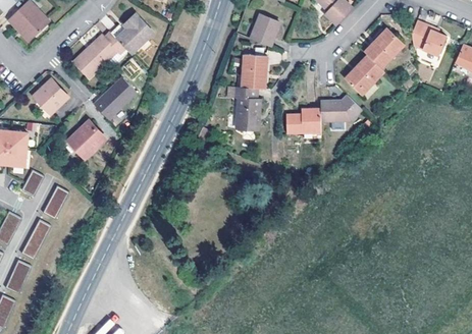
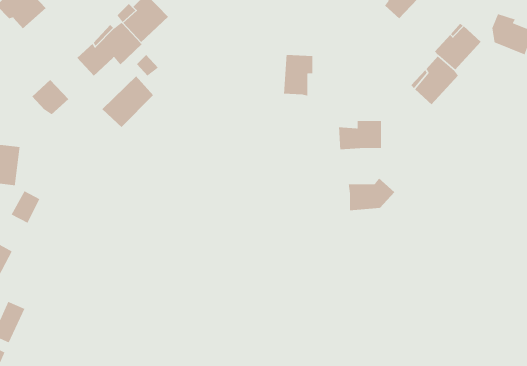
building: [250,17,278,48] -> none
building: [234,89,260,131] -> none
building: [321,97,360,124] -> [348,177,395,211]
building: [69,117,105,153] -> none
building: [41,183,68,217] -> none
building: [19,218,50,258] -> none

